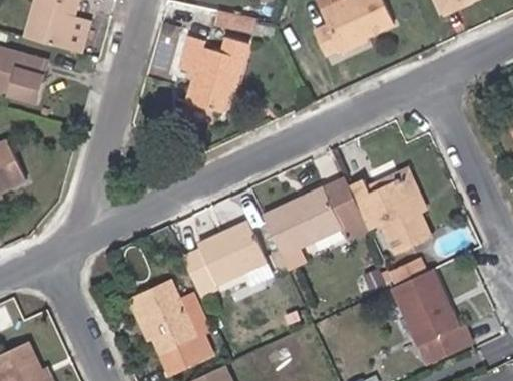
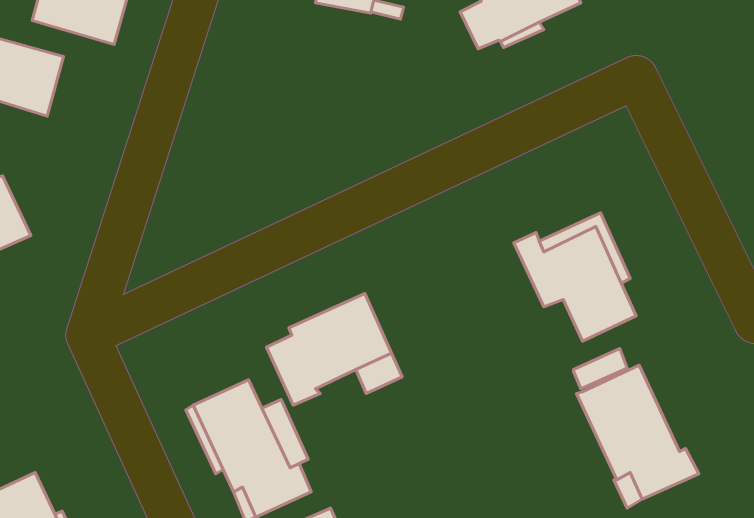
building: [179,36,247,112] -> none
building: [263,176,369,271] -> none

